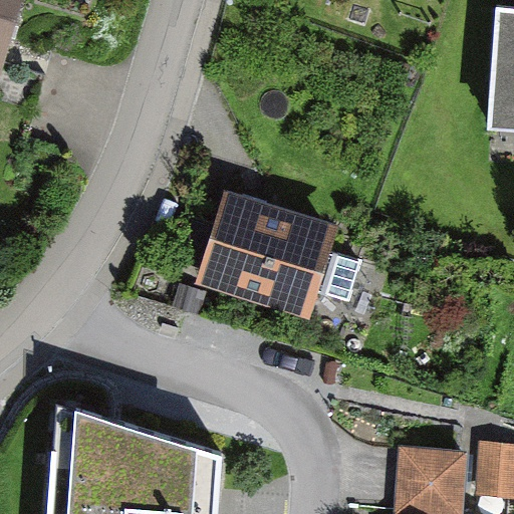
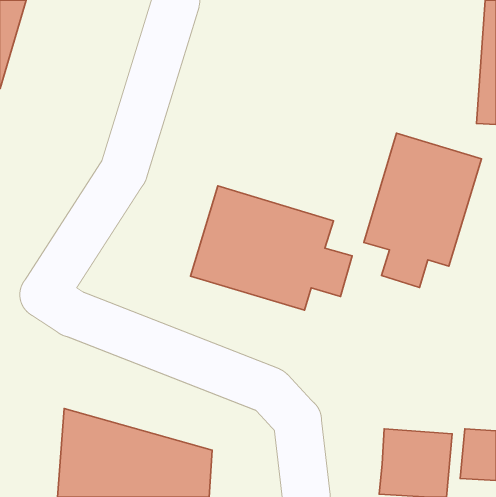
building: none -> [364,133,481,287]

